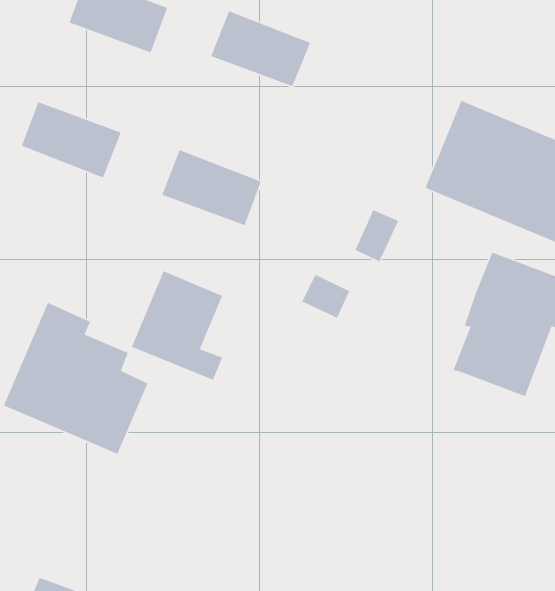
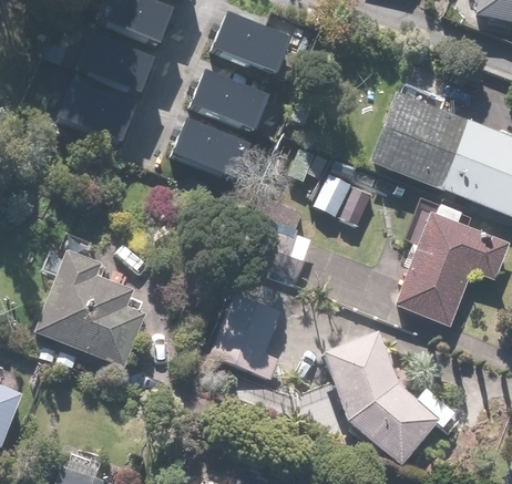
building: none -> [69,40,149,101]
building: none -> [183,78,263,138]
building: [131,270,223,381] -> [211,290,284,378]
building: none -> [329,331,441,462]

